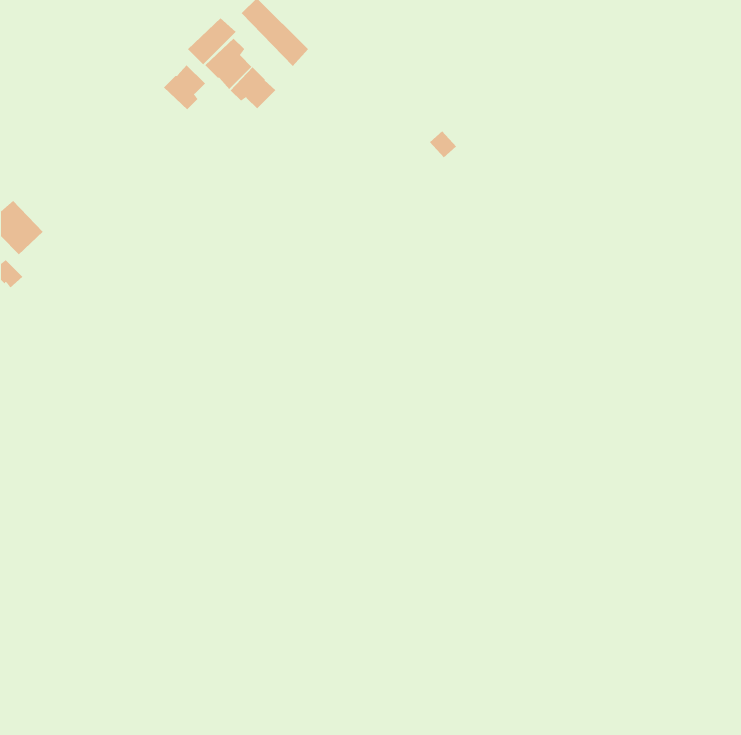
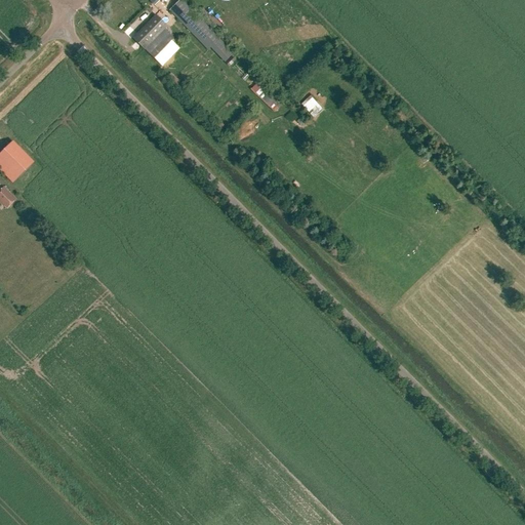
building: [163,64,206,110] -> none
building: [230,66,276,109] -> none

